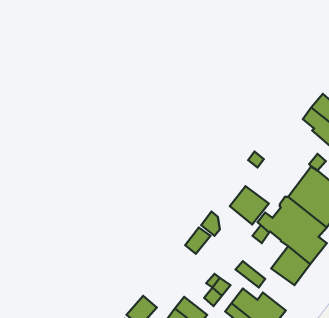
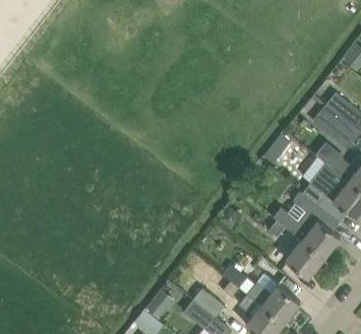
building: [230,186,269,225] -> none

